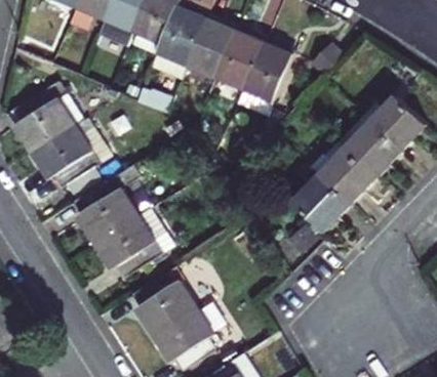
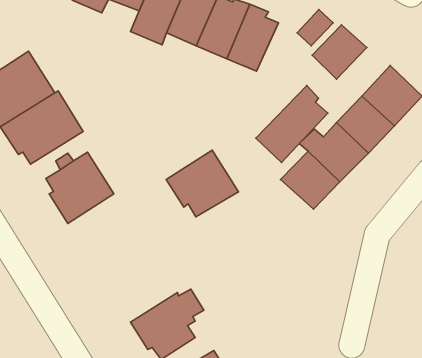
building: none -> [312,25,367,79]
building: none -> [256,85,328,162]
building: [93,215,161,278] -> [166,150,239,217]
building: [131,269,196,335] -> none

